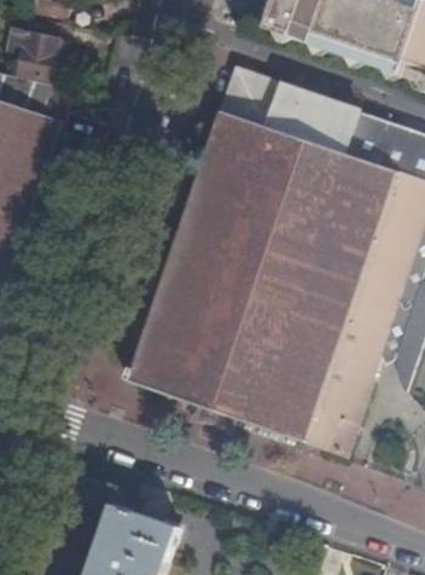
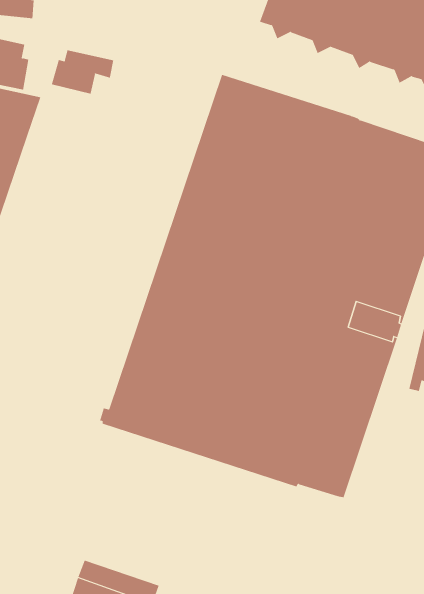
building: none -> [51,49,114,94]

